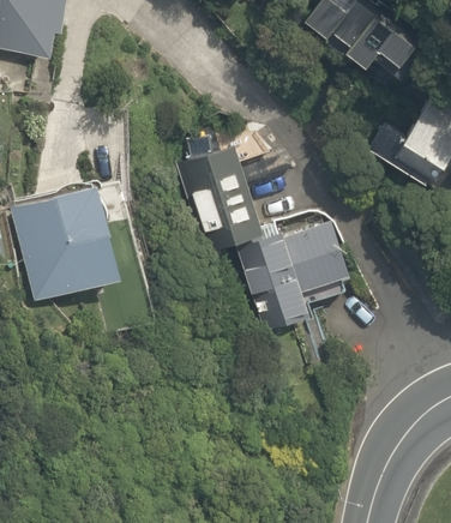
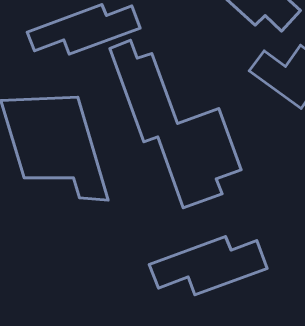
building: none -> [27,5,140,54]
building: none -> [149,237,267,295]

